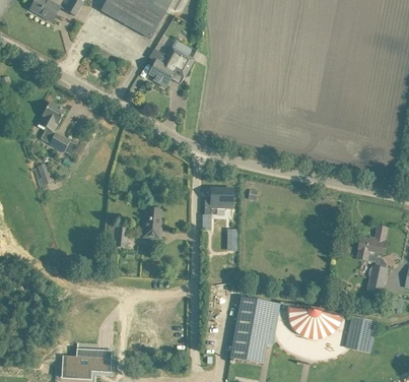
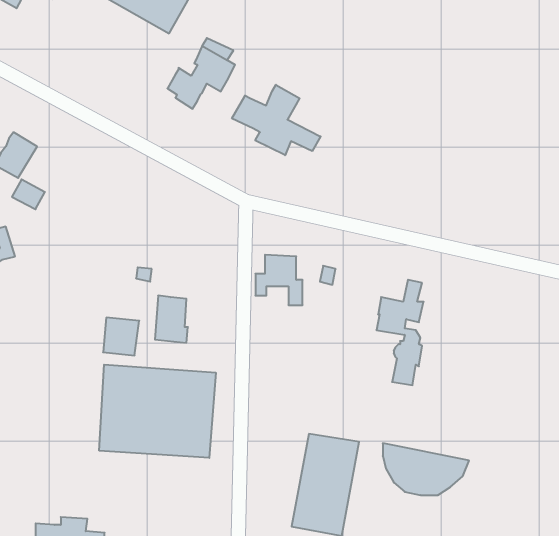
building: none -> [232,85,321,155]
building: [357,226,388,294] -> [376,280,424,385]
building: none -> [99,365,216,458]
building: [344,315,378,352] -> none

